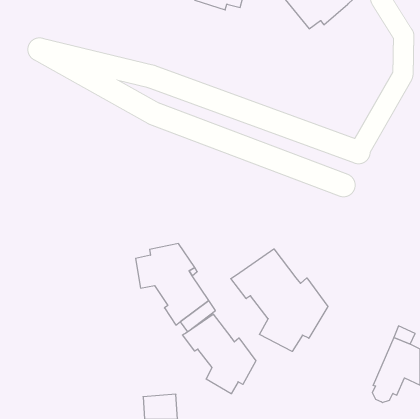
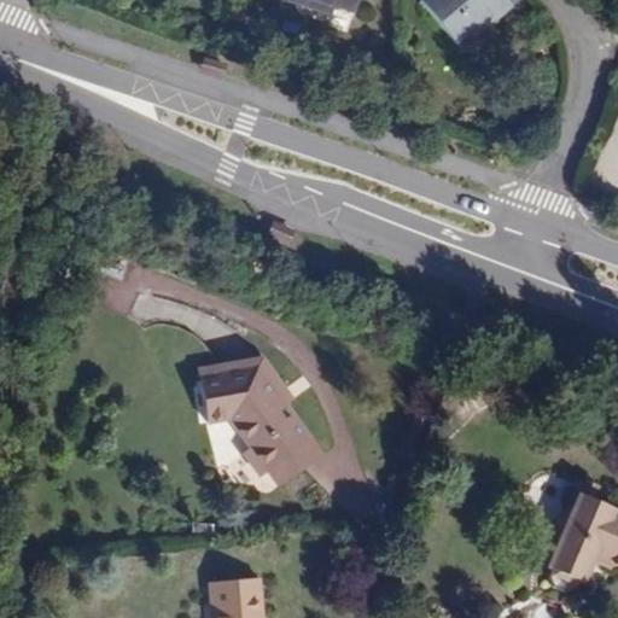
building: [231,249,328,351] -> none
building: [182,314,256,394] -> none

